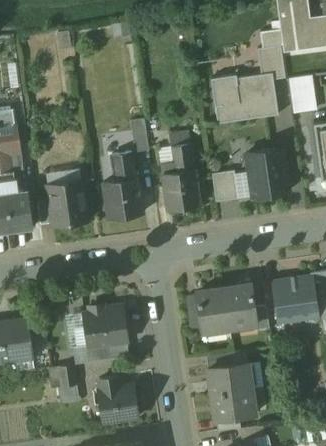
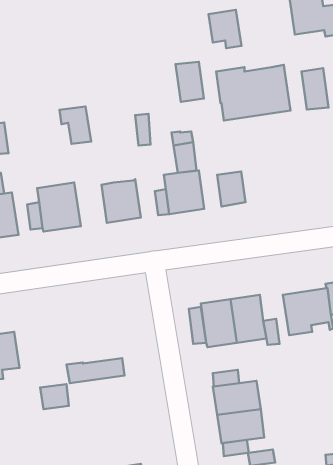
building: [257,45,287,80] -> [209,10,241,48]
building: none -> [175,62,204,102]
building: [105,147,134,181] -> [59,107,91,144]
building: [246,148,289,197] -> none
building: [83,306,125,347] -> none
building: [96,378,137,424] -> none

